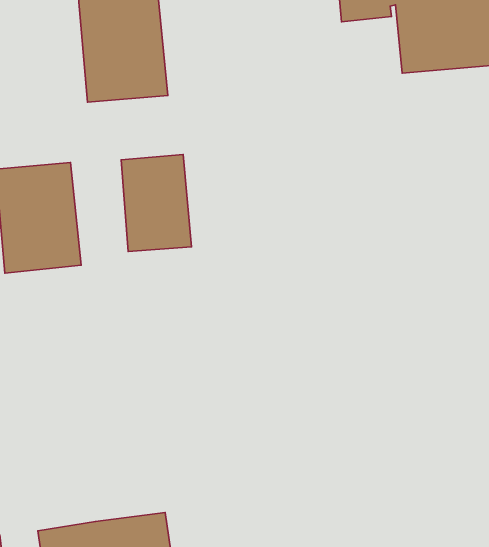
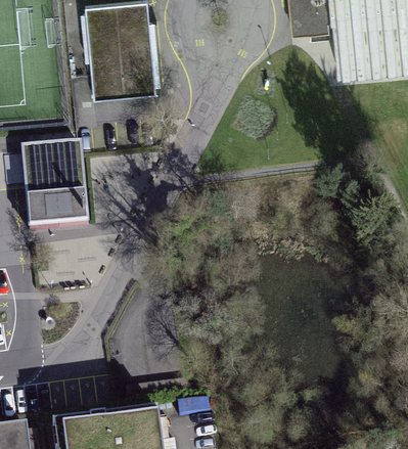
building: [121,154,192,252] -> none

